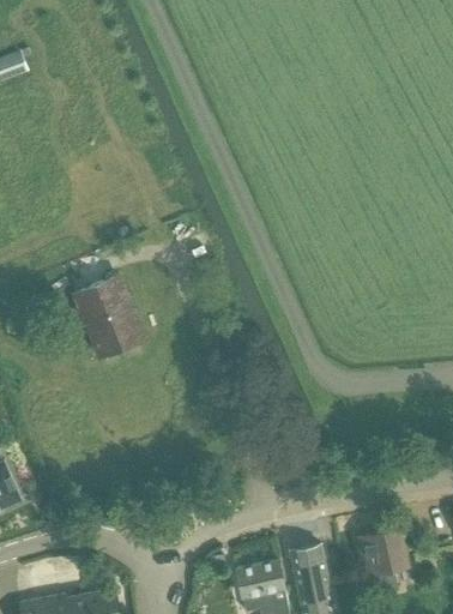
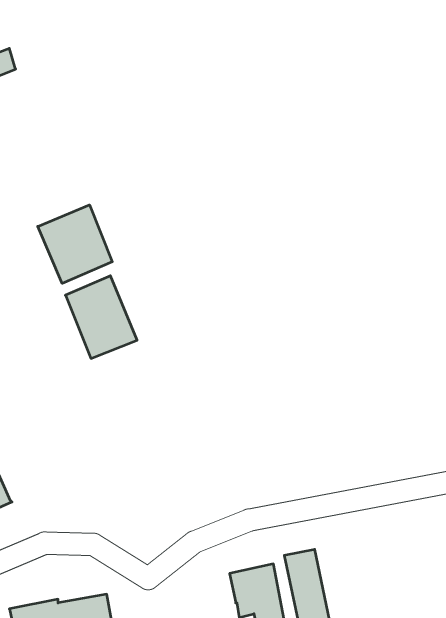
building: none -> [38,205,112,283]
building: [357,528,407,596] -> none

